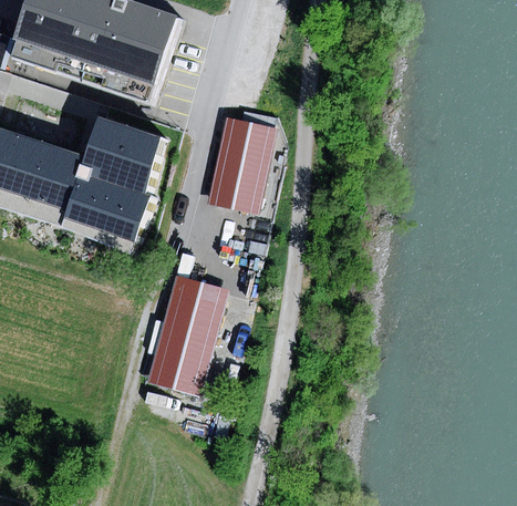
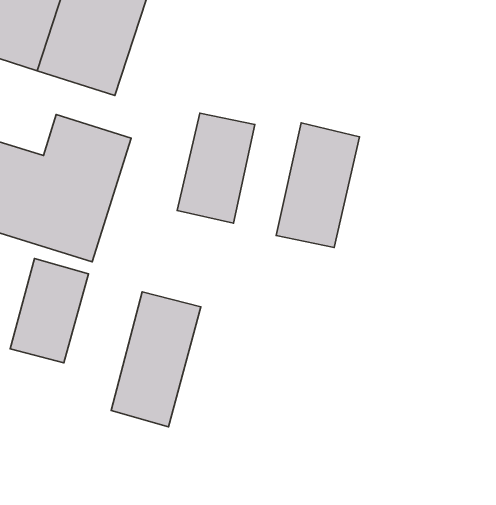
building: none -> [276,123,360,248]
building: none -> [10,259,89,363]

